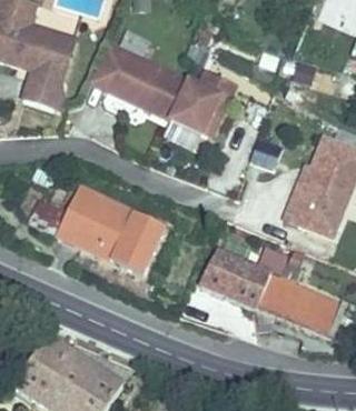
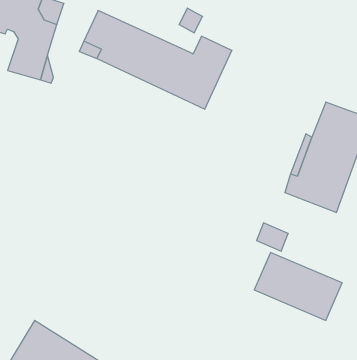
building: [30,187,165,275] -> none
building: [200,248,271,308] -> none

